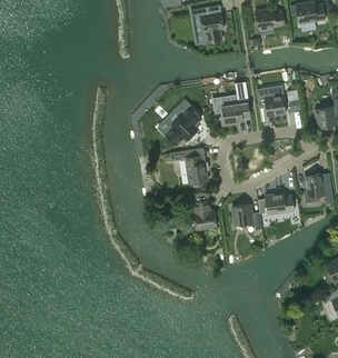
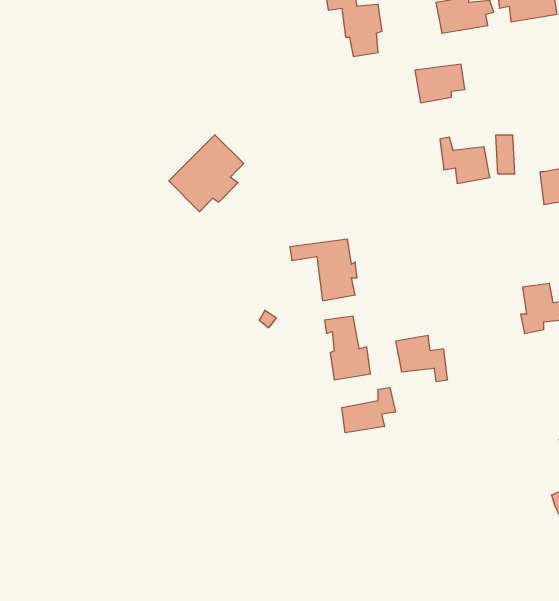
building: [157,101,200,146] -> [169,135,244,212]
building: [220,101,249,123] -> [415,64,465,103]
building: [264,192,292,213] -> none
building: none -> [342,388,395,433]

